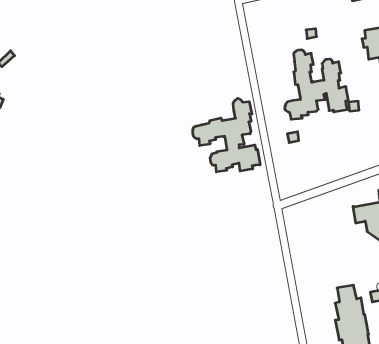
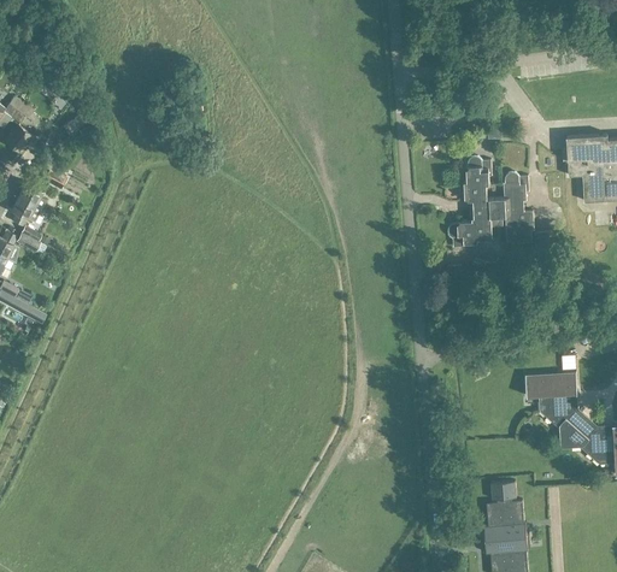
building: [193,98,260,172] -> none

